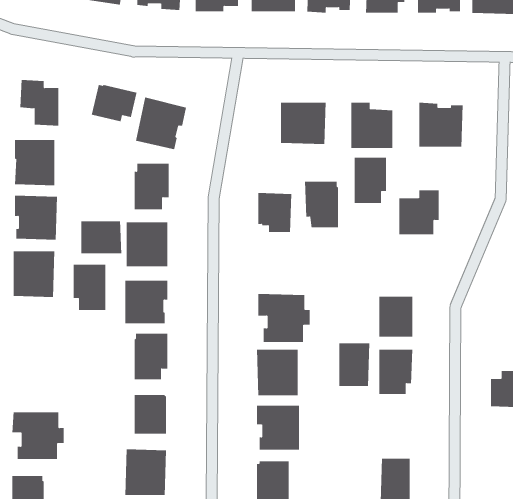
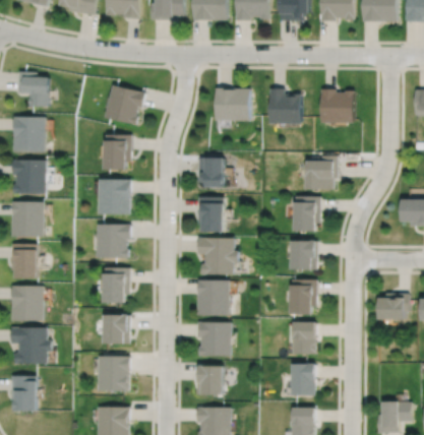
building: [91,84,137,122] -> none
building: [354,157,387,204] -> [295,195,320,231]
building: [304,181,339,228] -> [198,195,225,231]
building: [81,220,122,254] -> none
building: [73,264,106,311] -> [11,242,37,277]
building: [338,343,370,387] -> [293,320,317,354]
building: none -> [11,285,43,320]

